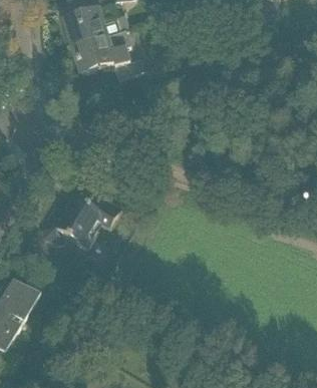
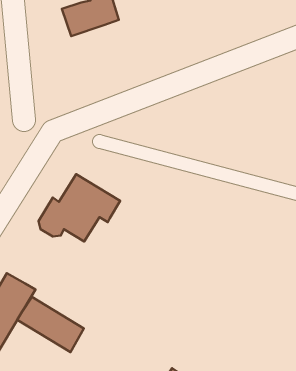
building: [74,29,146,79] -> none
building: none -> [17,297,84,352]

